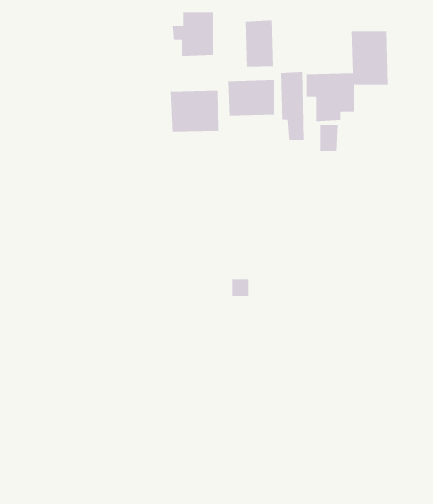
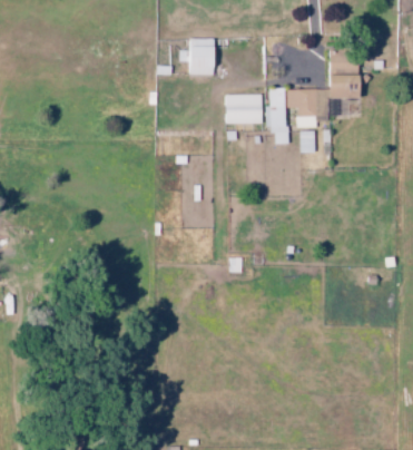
building: [245,19,274,67] -> none
building: [170,90,219,133] -> none

